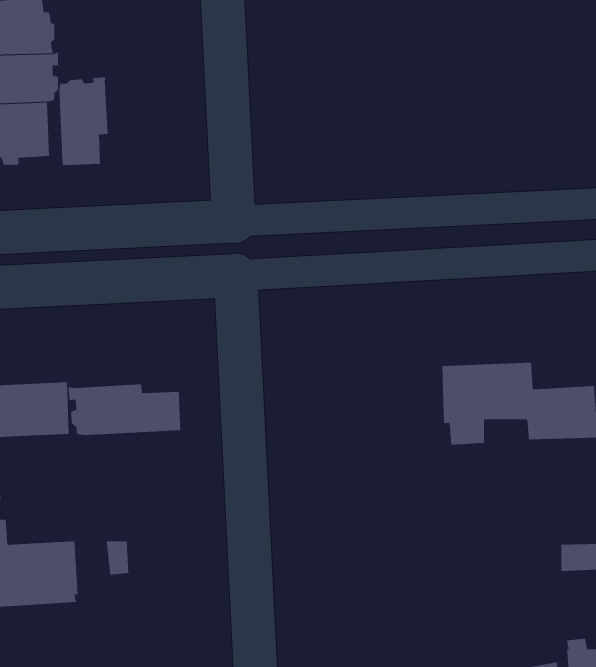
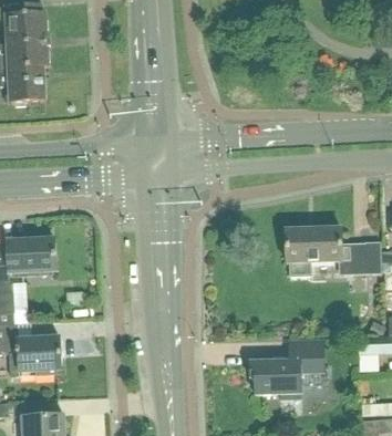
building: [59,76,108,166] -> none
building: [68,383,181,436] -> none
building: none -> [250,340,326,398]

